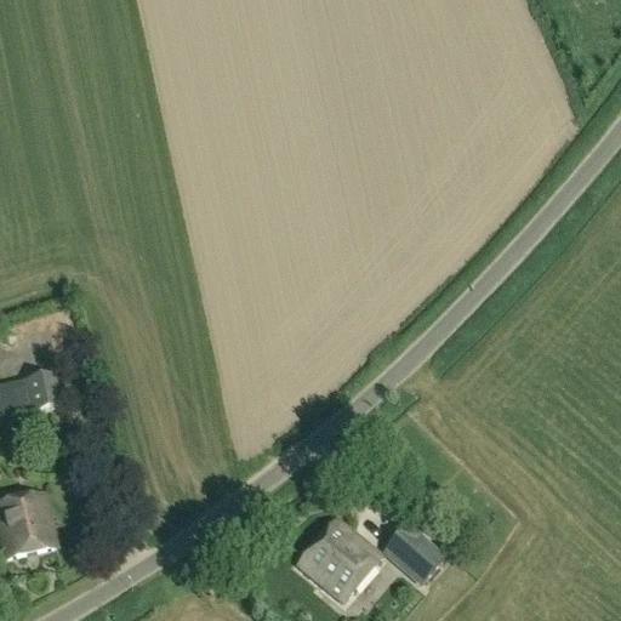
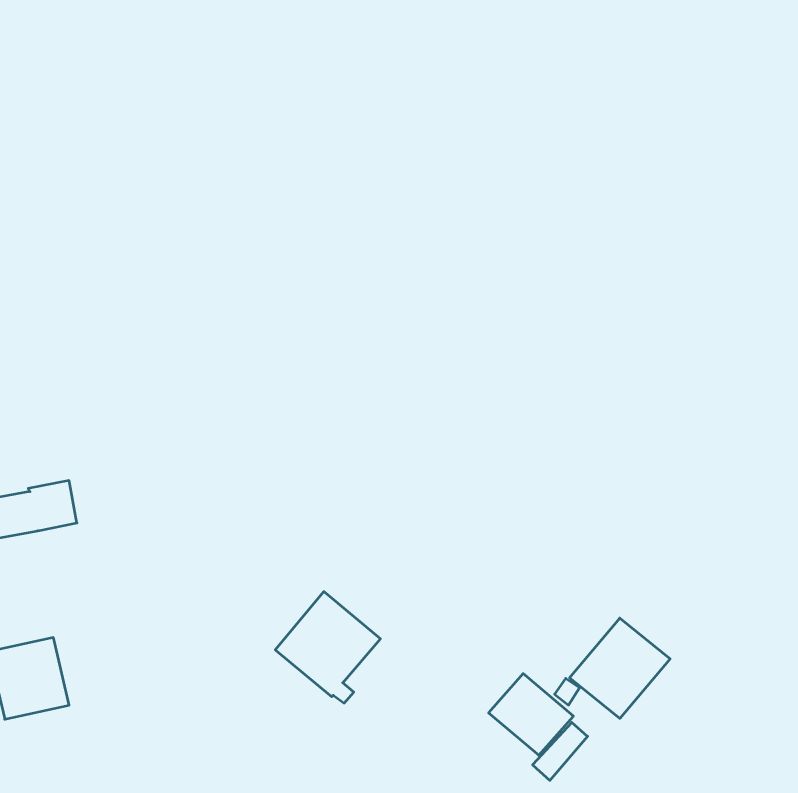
building: none -> [570,618,670,718]
building: [296,518,377,604] -> [275,592,380,703]

